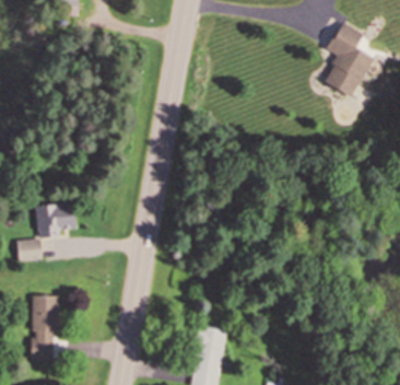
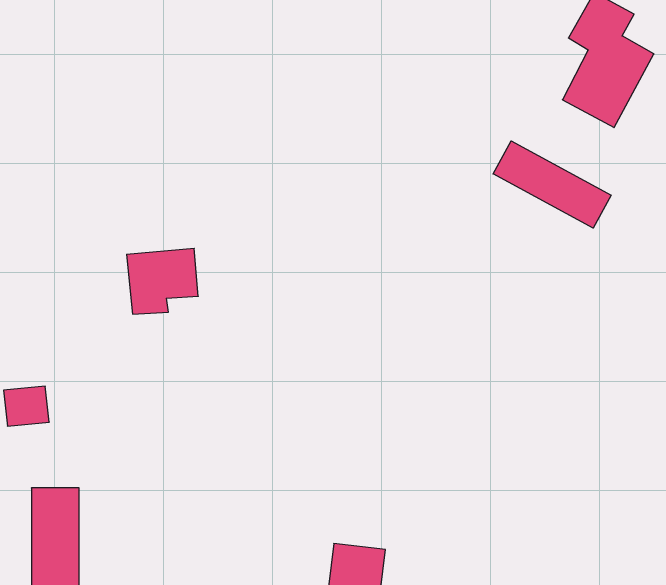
building: none -> [493,141,611,228]
building: [36,202,75,238] -> [127,248,198,314]

